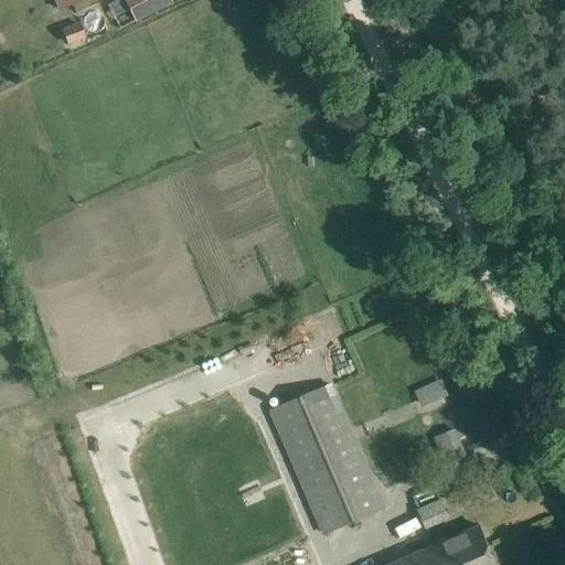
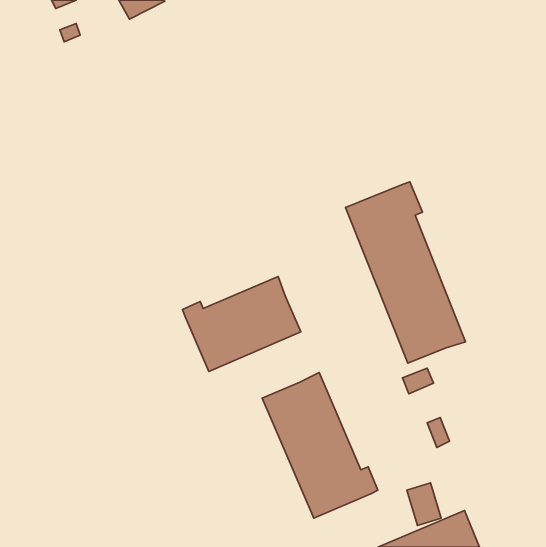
building: none -> [345,182,466,363]
building: none -> [182,277,301,371]

